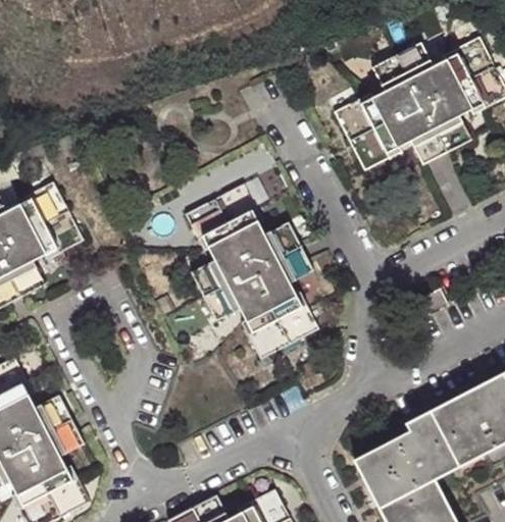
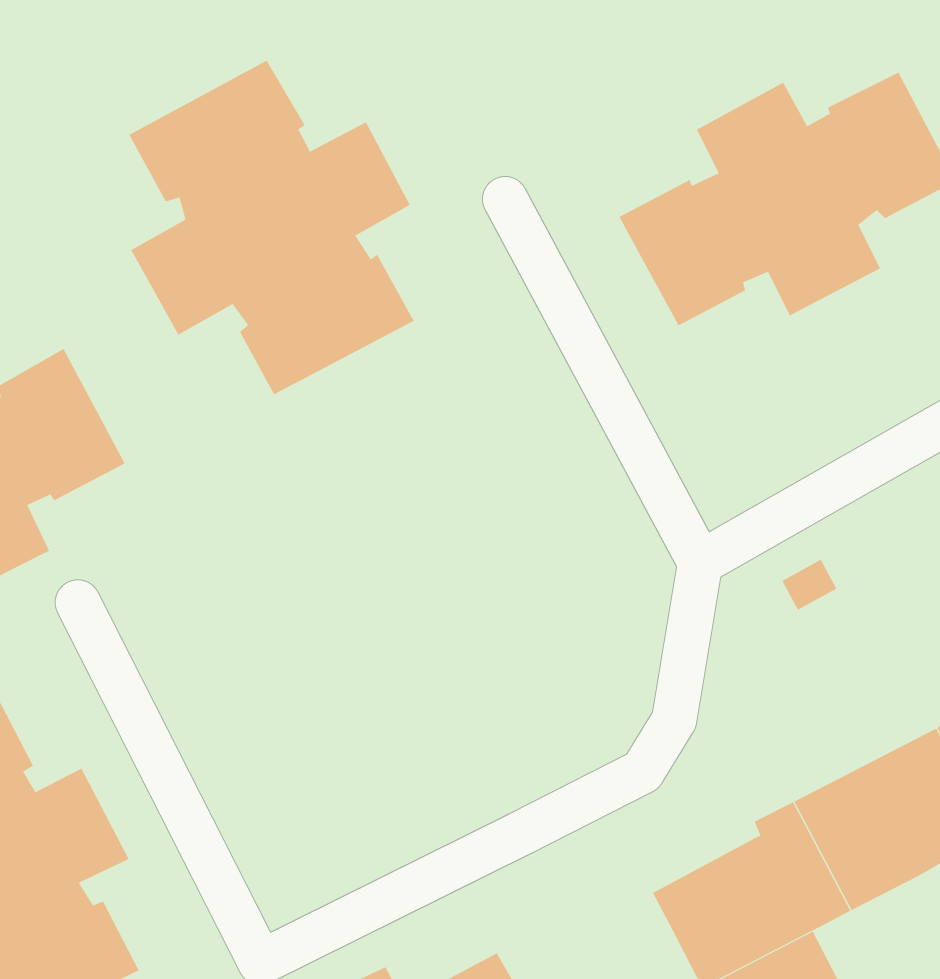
building: none -> [128,60,414,395]
building: [186,186,318,359] -> none

